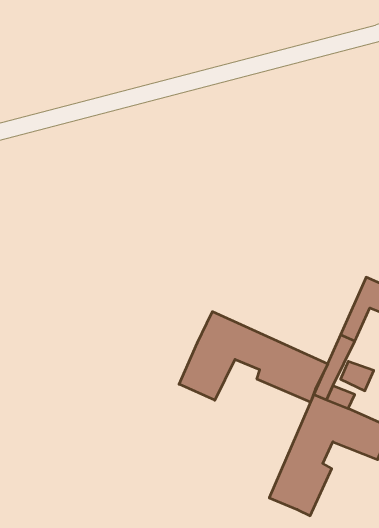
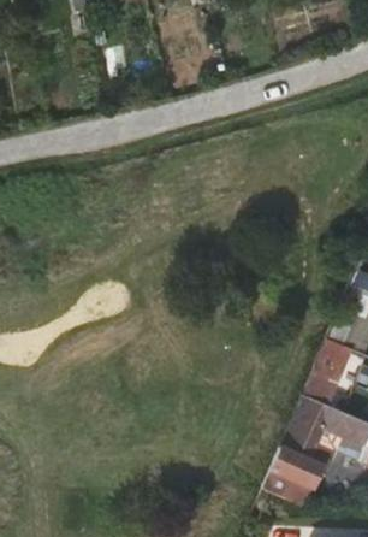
building: [179,312,328,402] -> none

